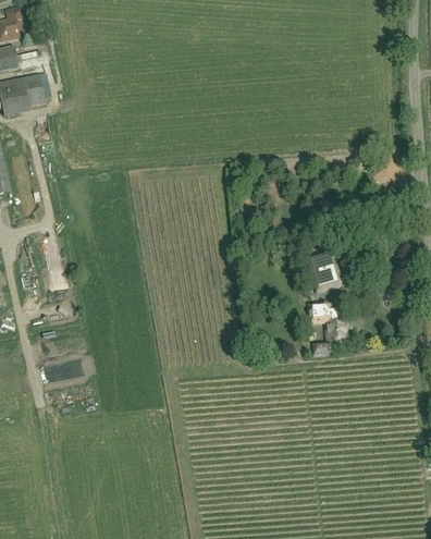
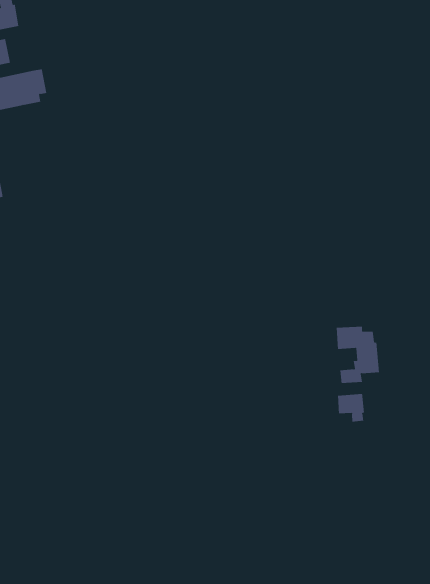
building: [305,248,341,291] -> none
building: none -> [338,393,365,423]

